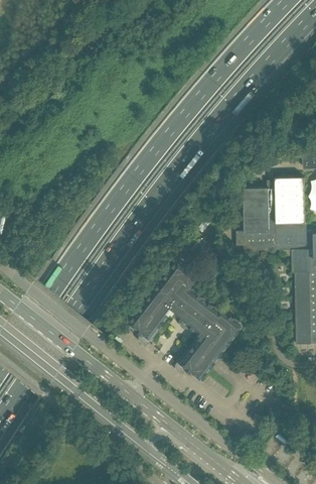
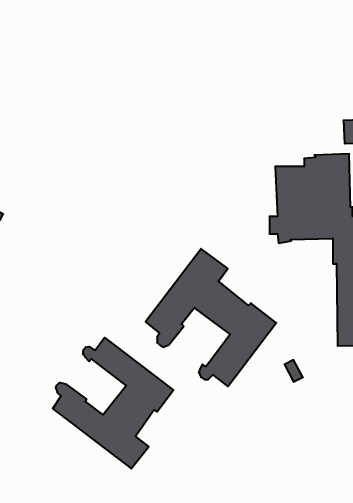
building: none -> [53,338,173,469]

